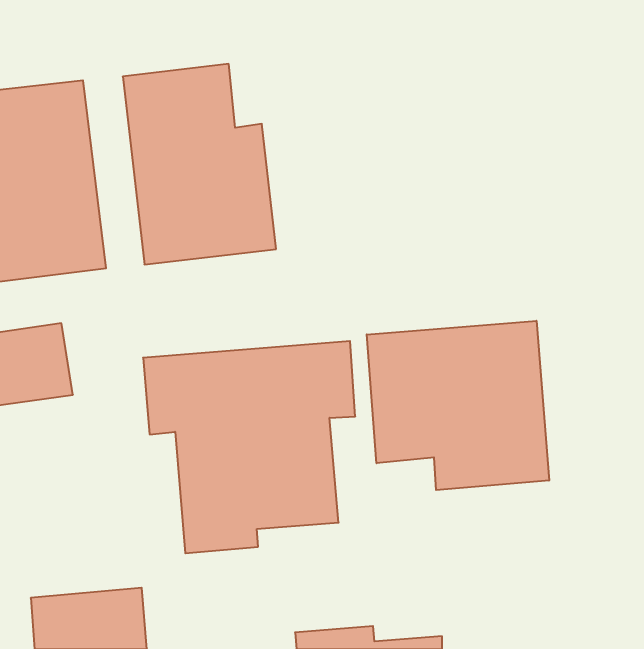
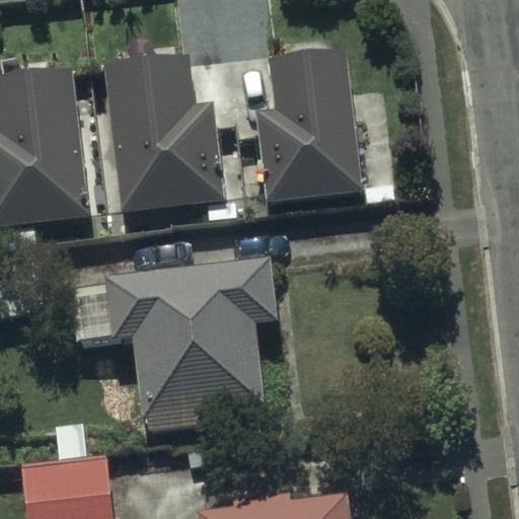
building: none -> [249,42,366,203]
building: [367,321,549,490] -> none

